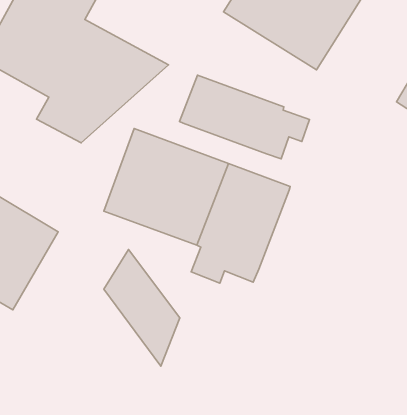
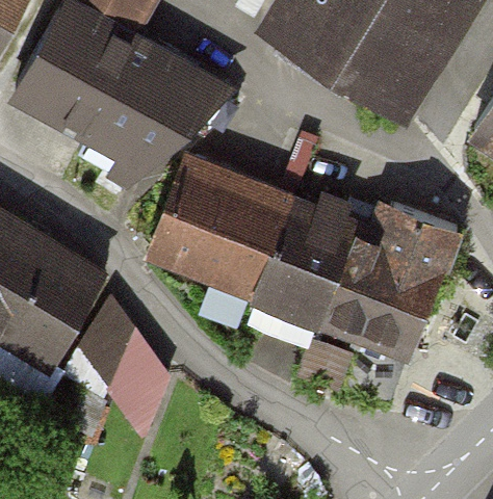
building: [179,75,309,159] -> none
building: none -> [325,204,459,402]
building: [104,249,180,366] -> [85,303,168,430]

